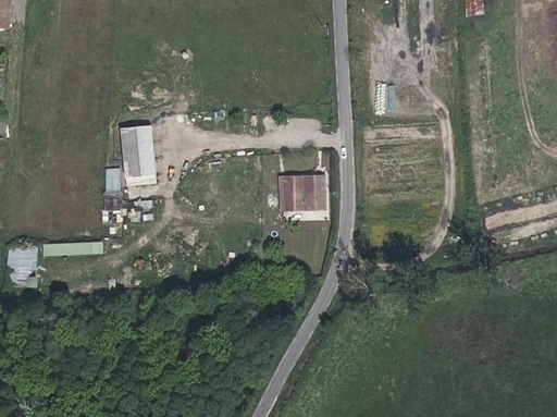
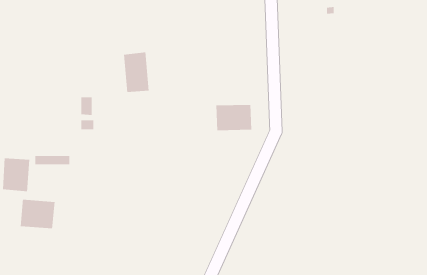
building: [121,125,154,177] -> [123,52,149,93]
building: none -> [20,199,55,229]

